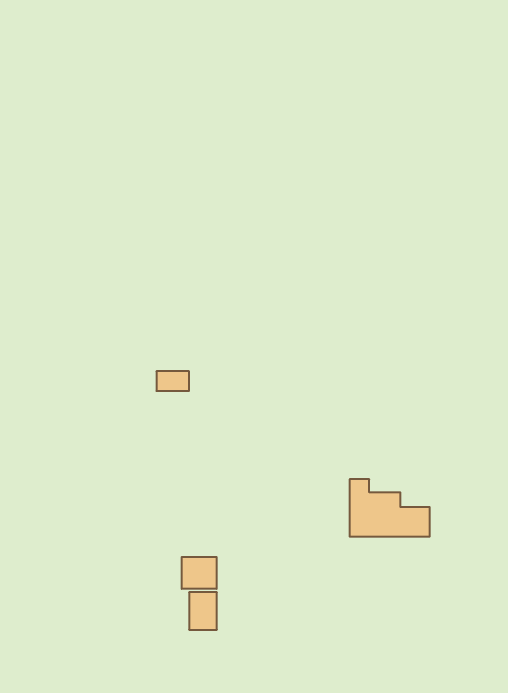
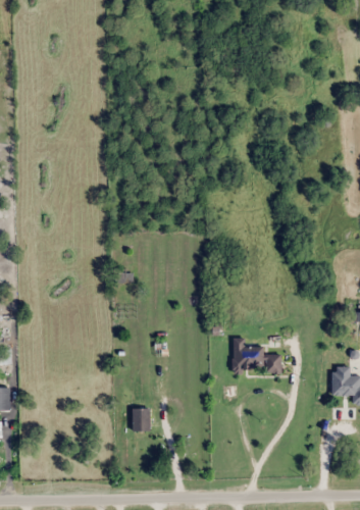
building: [182,557,217,589] -> none

